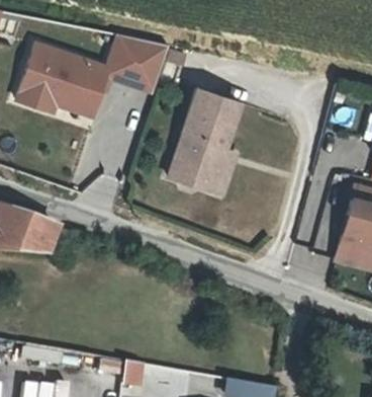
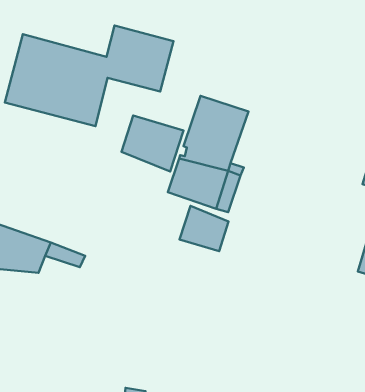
building: none -> [122,115,184,172]
building: none -> [180,206,228,251]

